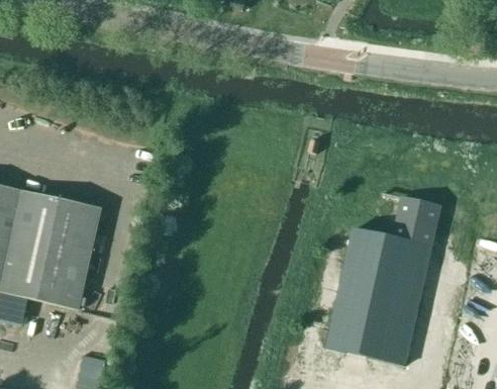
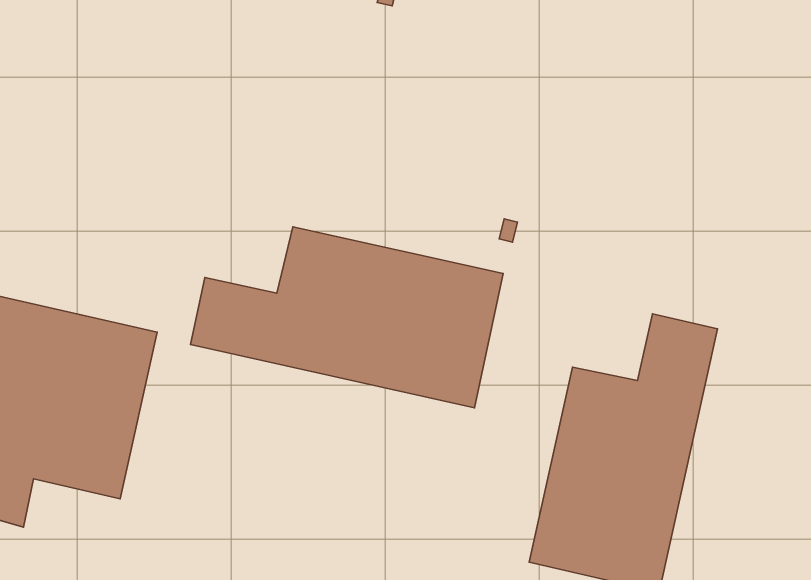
building: none -> [191,227,503,408]

